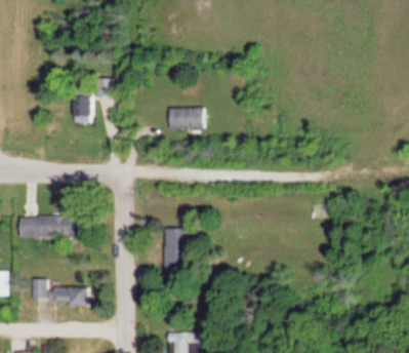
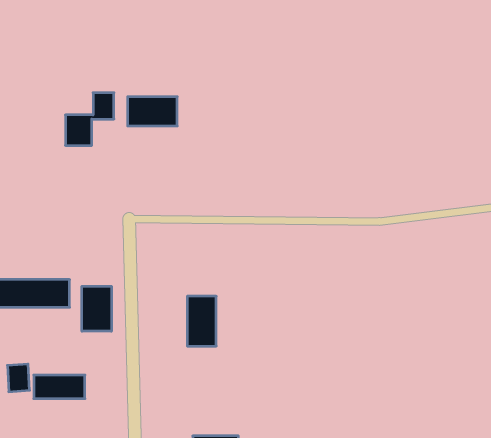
building: [168,108,205,129] -> [128,97,177,126]
building: none -> [82,286,111,331]

